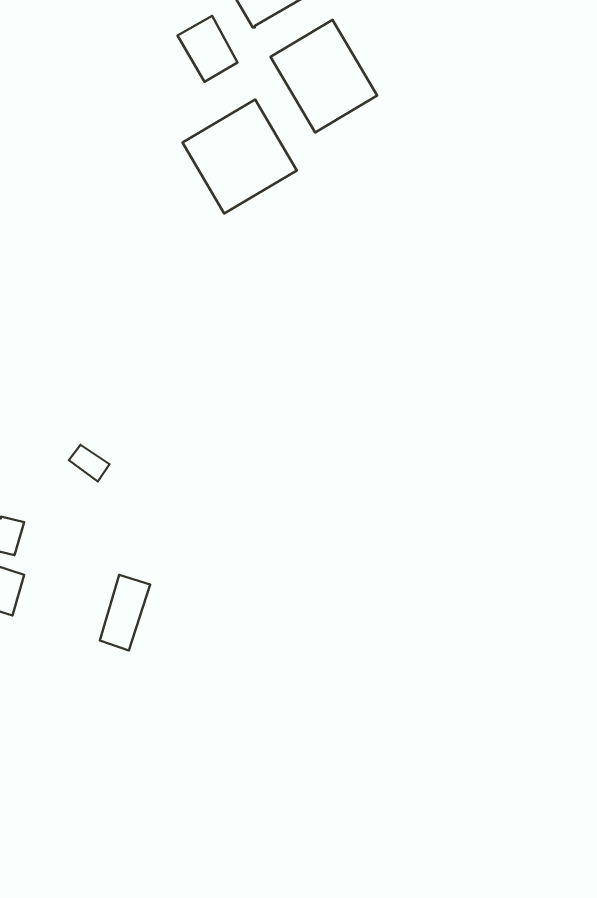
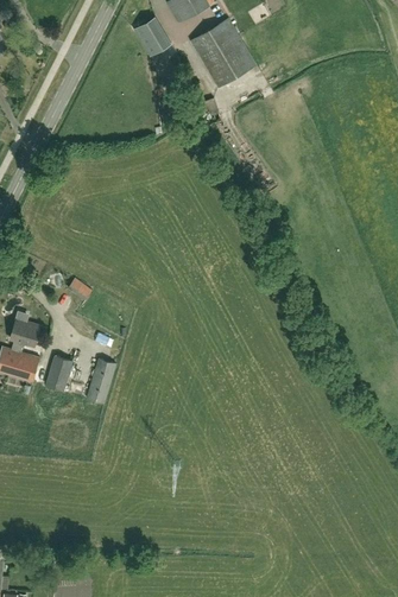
building: [183,99,297,213] -> none
building: none -> [45,355,80,394]

